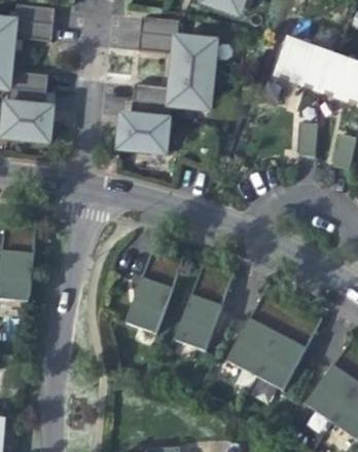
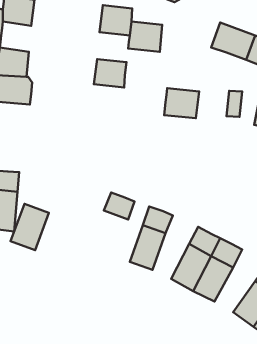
building: [169,71,213,109] -> [164,88,199,118]
building: [118,116,168,153] -> none
building: [124,275,173,334] -> [11,204,49,250]

